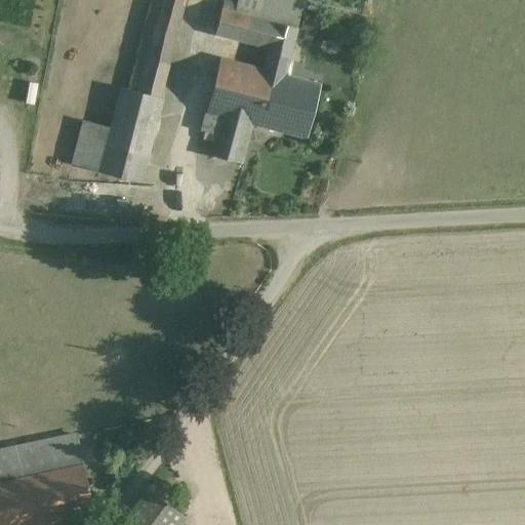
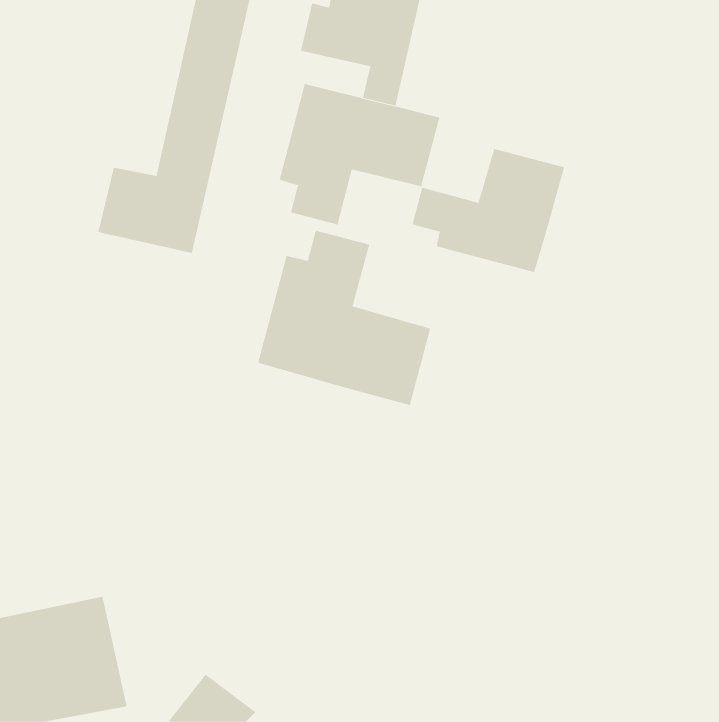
building: none -> [412,148,565,273]
building: none -> [258,230,431,406]

